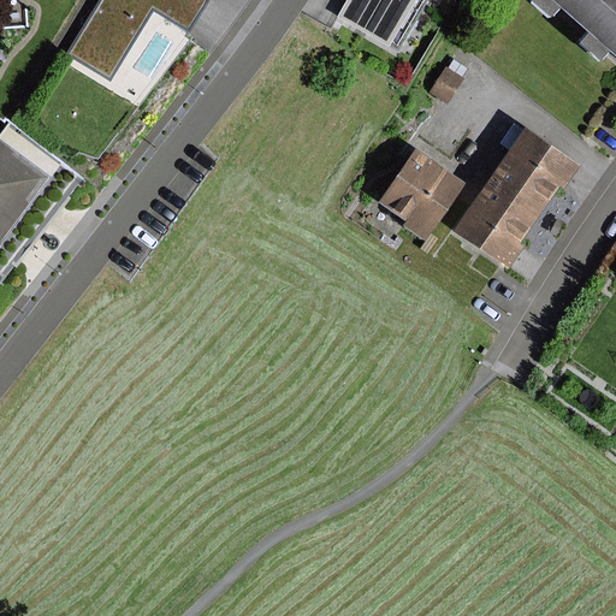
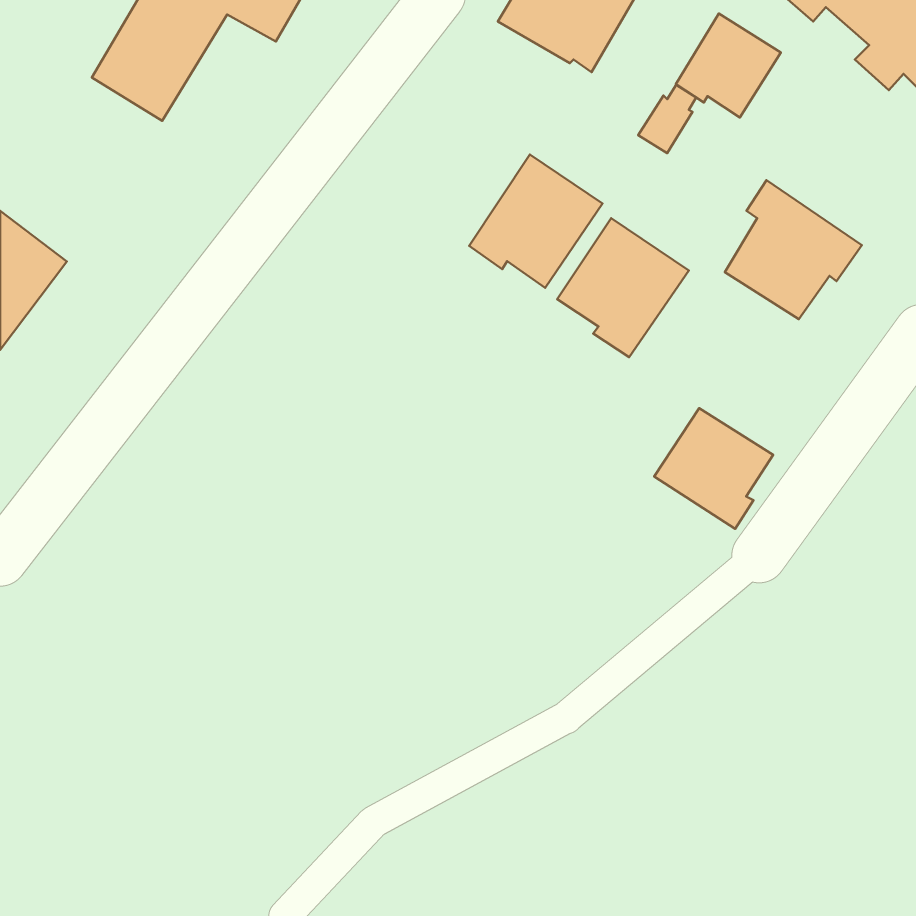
building: none -> [676,14,781,117]
building: none -> [469,155,603,288]
building: [457,182,537,262] -> [654,408,773,529]

